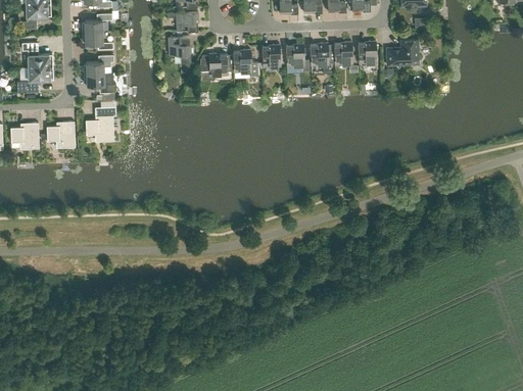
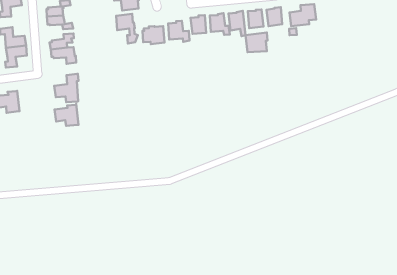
building: none -> [245,33,268,52]
building: [46,120,75,147] -> [55,104,78,126]

